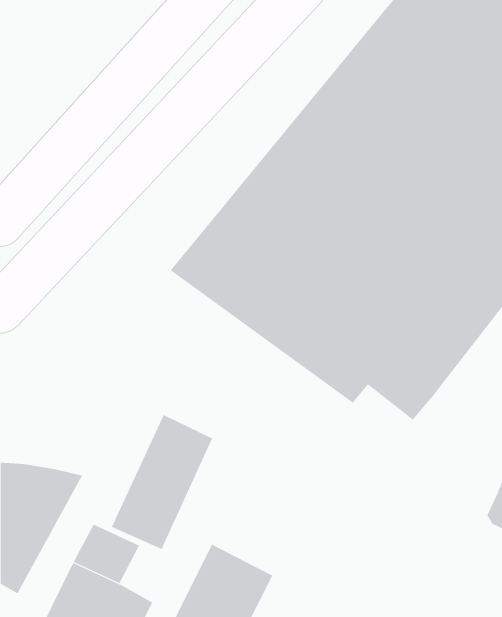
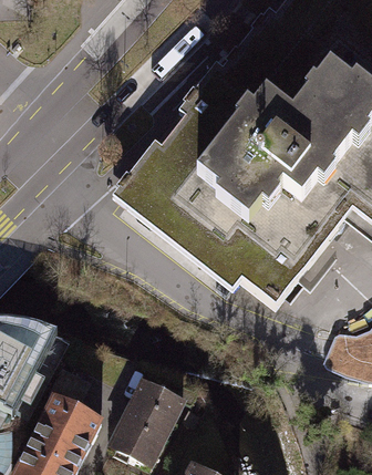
building: [111,414,213,550] -> none

